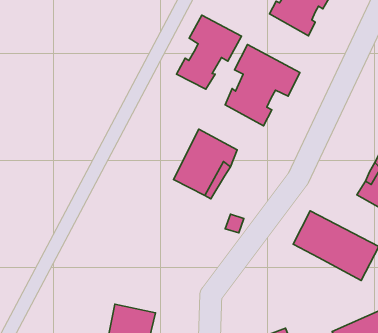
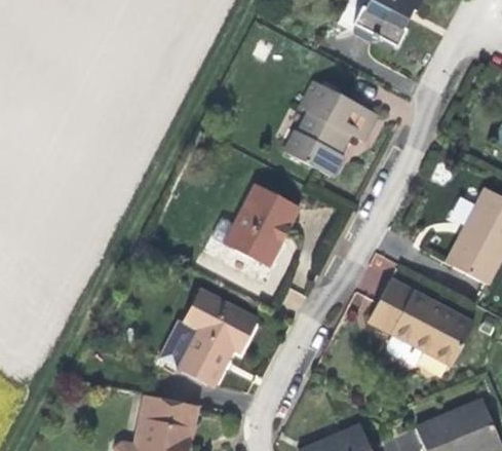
building: [176,15,242,89] -> none
building: none -> [153,289,258,385]

